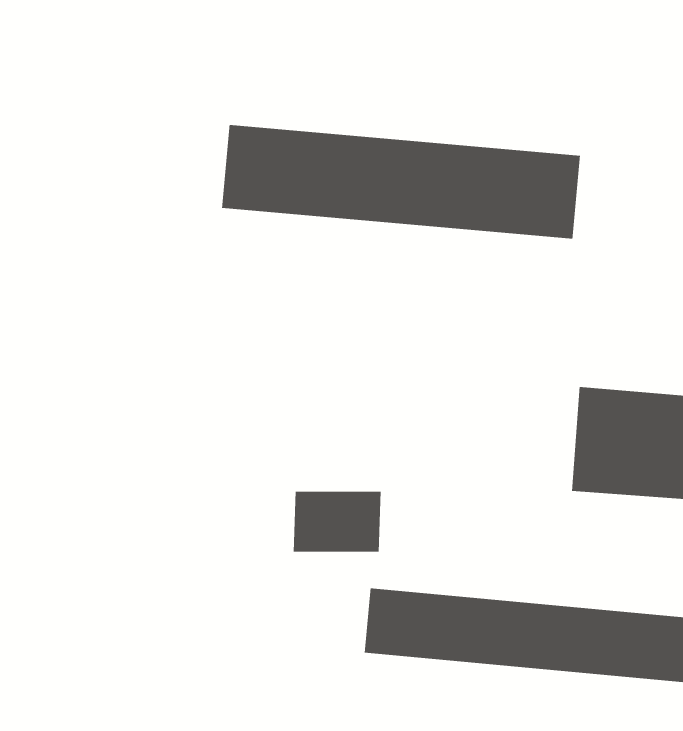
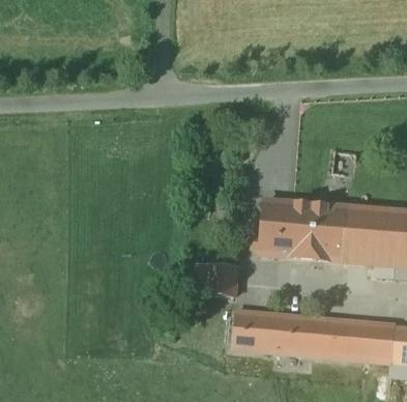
building: [222,124,581,240] -> none
building: none -> [259,200,345,261]

